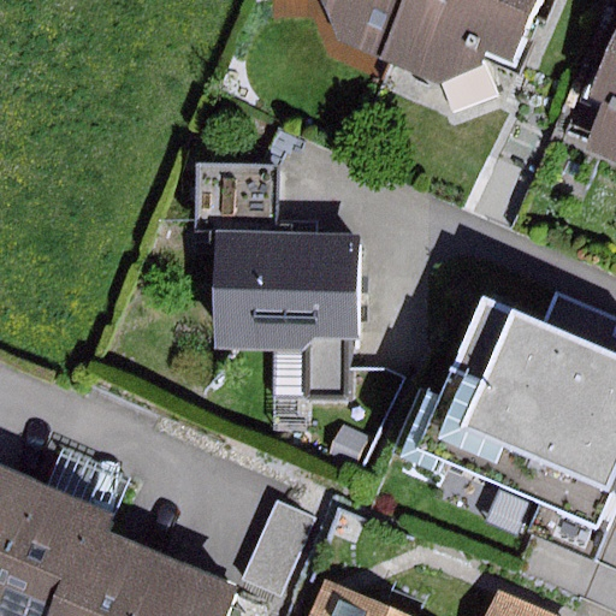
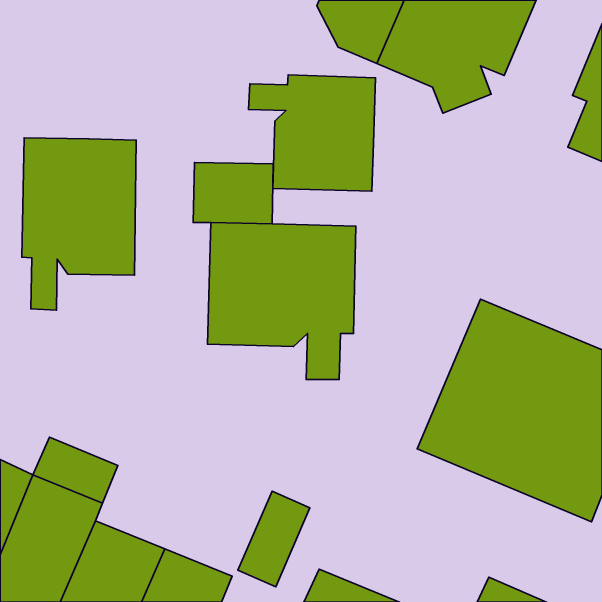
building: none -> [248,75,375,191]
building: none -> [22,138,136,310]

